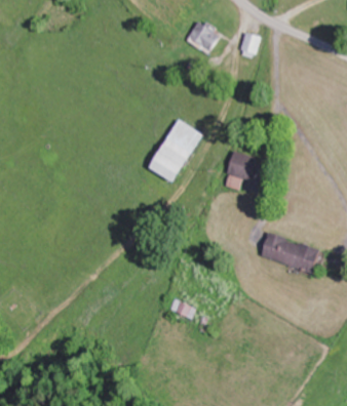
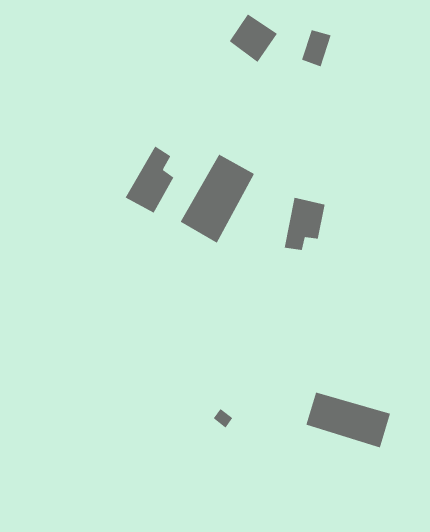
building: none -> [125,145,174,213]
building: [260,232,320,272] -> [305,392,391,448]

